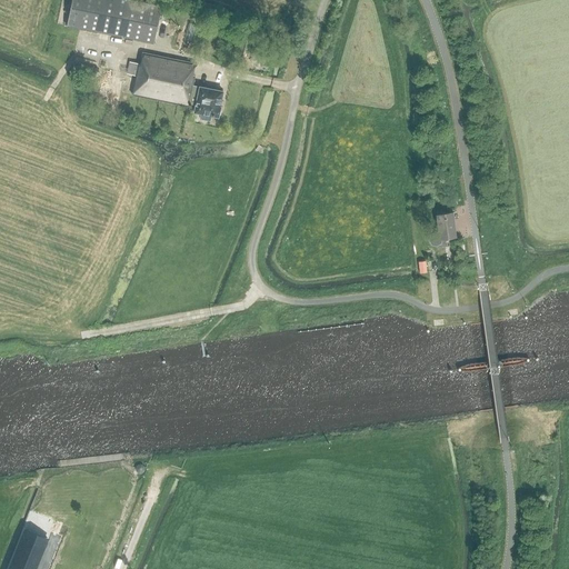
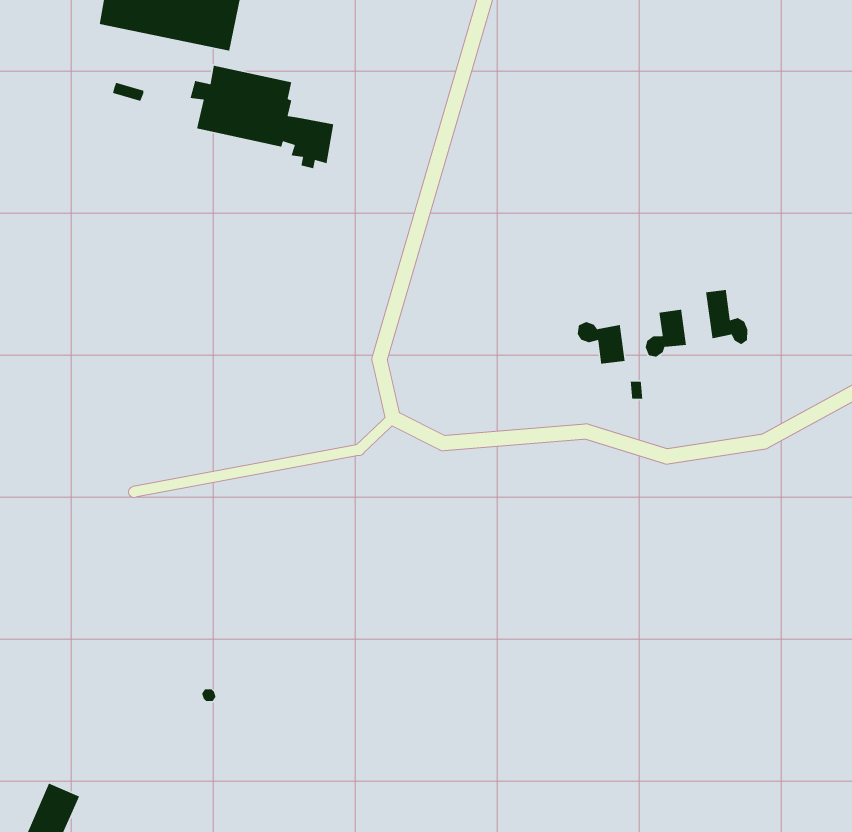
building: none -> [705,289,748,345]
building: none -> [577,321,626,365]

